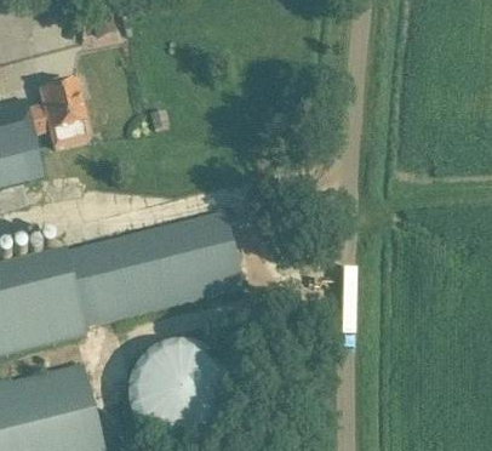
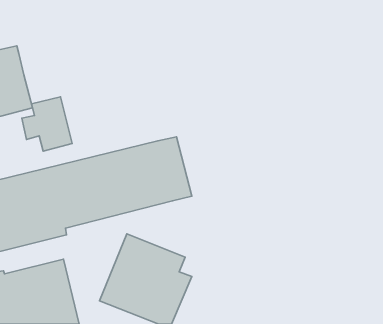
building: [25,81,88,149] -> [22,97,72,151]

